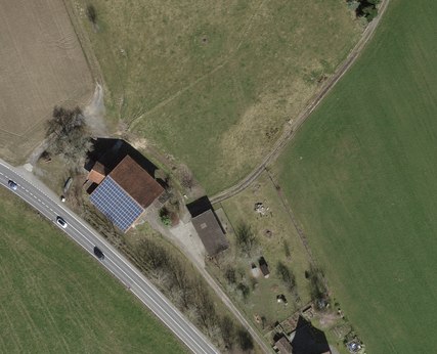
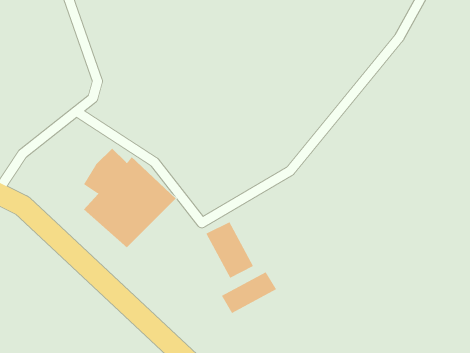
building: none -> [221,271,277,314]

